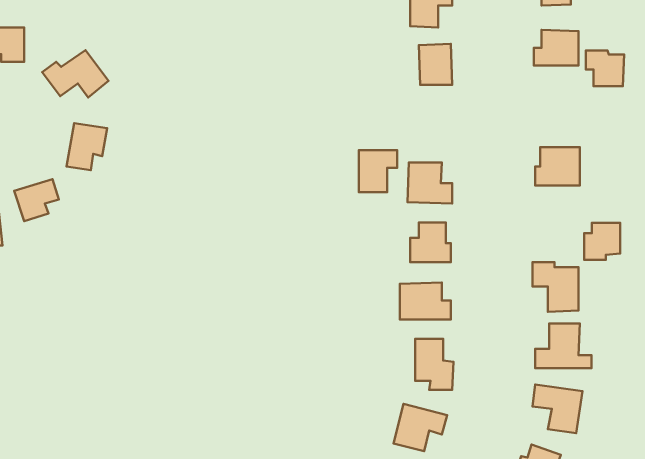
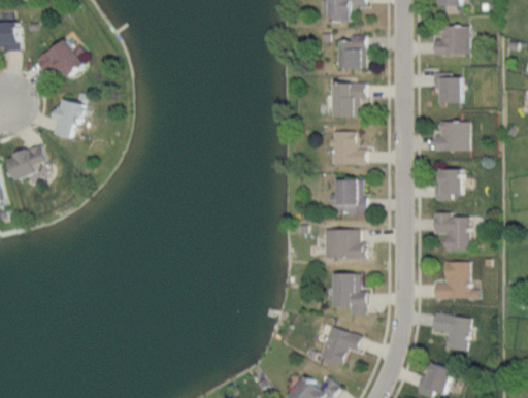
building: [586,51,624,86] -> [431,72,462,101]
building: [359,150,397,192] -> [335,84,366,118]
building: [584,223,620,260] -> [432,169,461,199]

